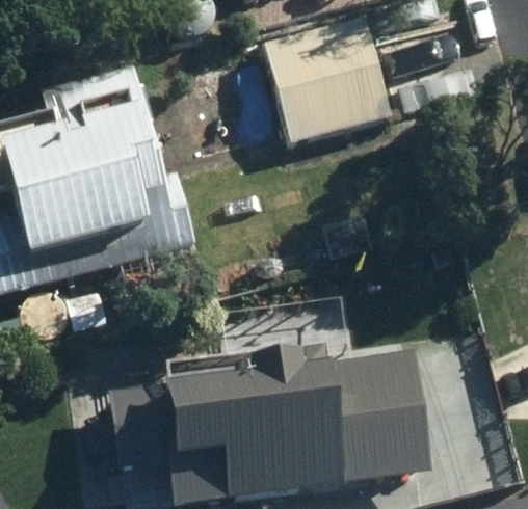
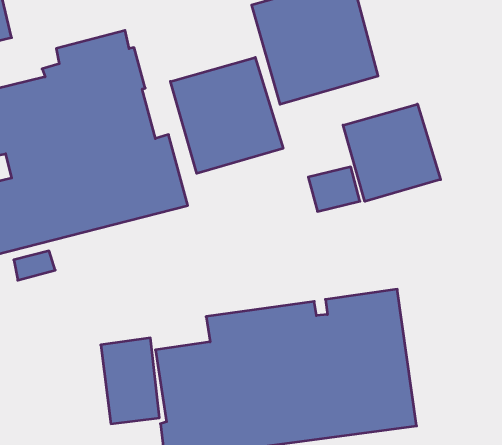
building: none -> [170,57,283,173]
building: none -> [343,104,441,201]

